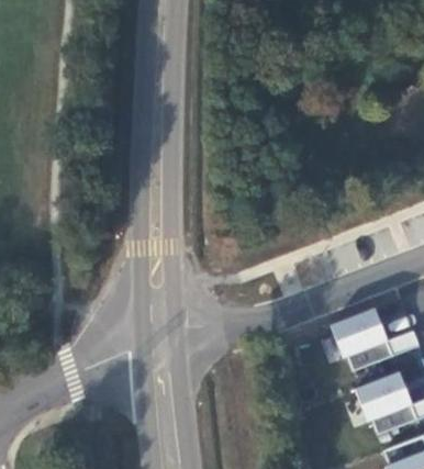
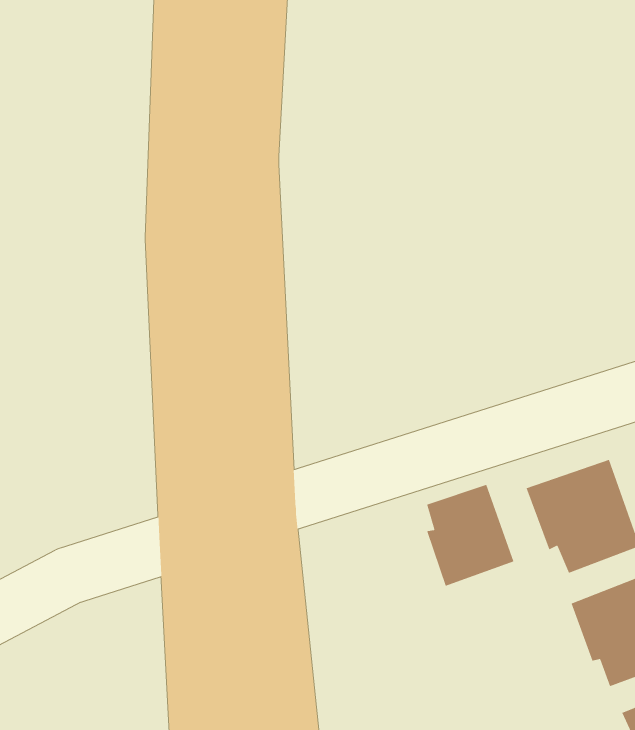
building: none -> [426,484,515,587]

